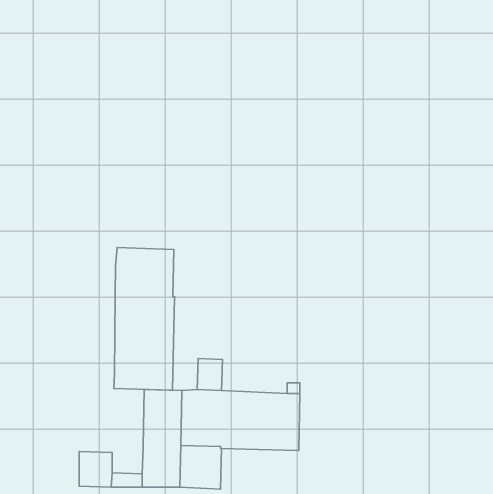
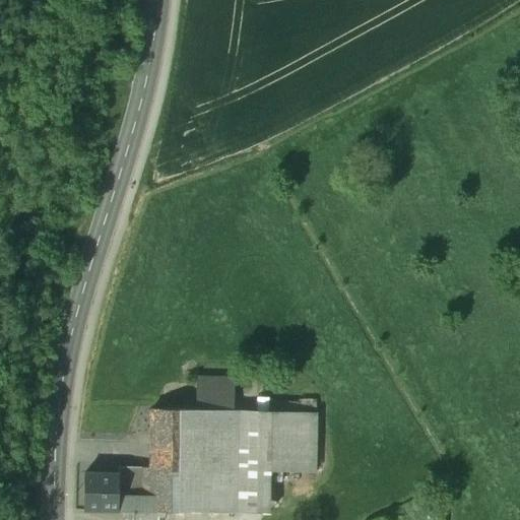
building: [114,248,175,390] -> none
building: none -> [119,469,151,498]
building: none -> [233,471,272,514]

